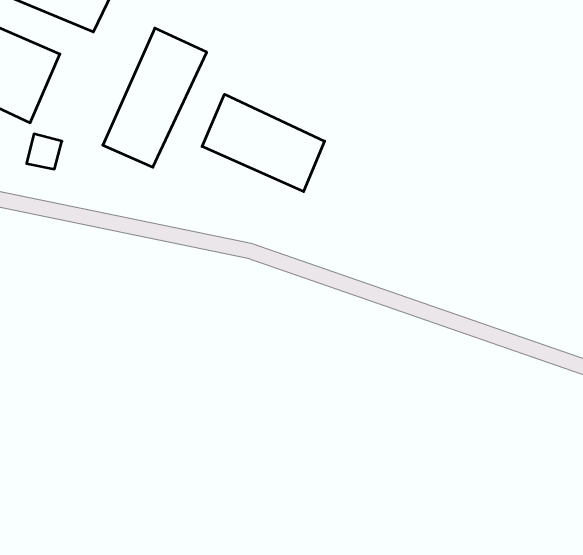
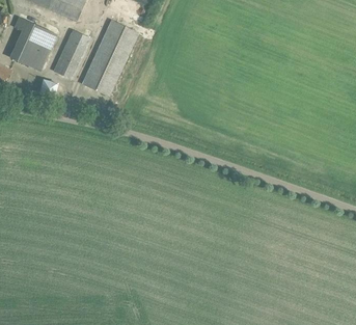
building: none -> [52,29,91,80]
building: [202,94,325,192] -> none

